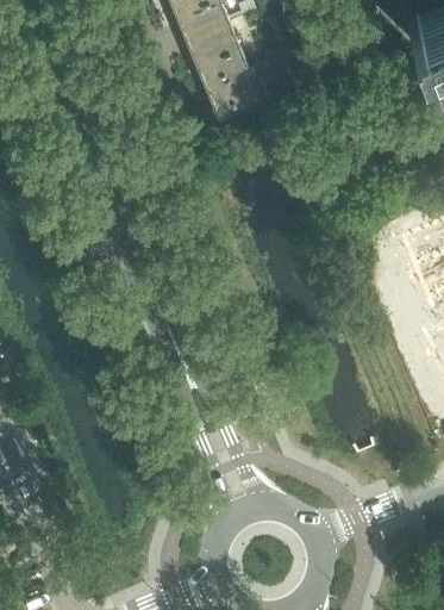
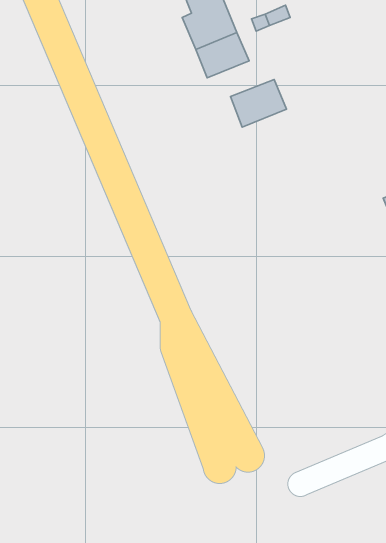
building: none -> [231,79,286,127]

